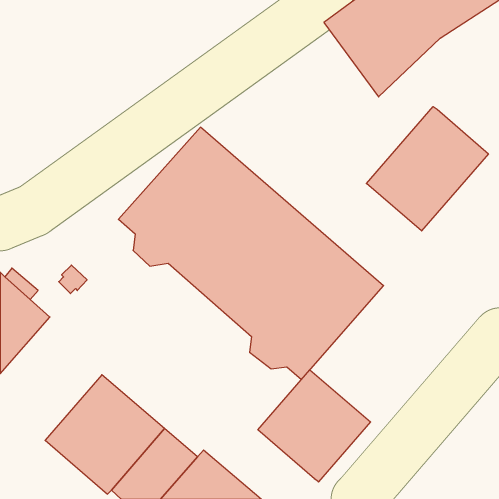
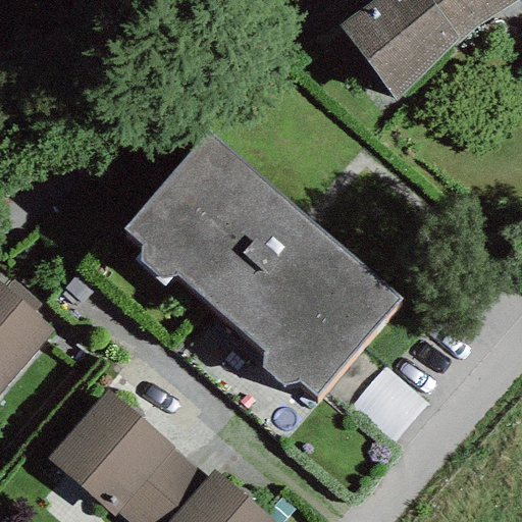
building: [366,107,488,231] -> none
building: [258,370,371,482] -> none

